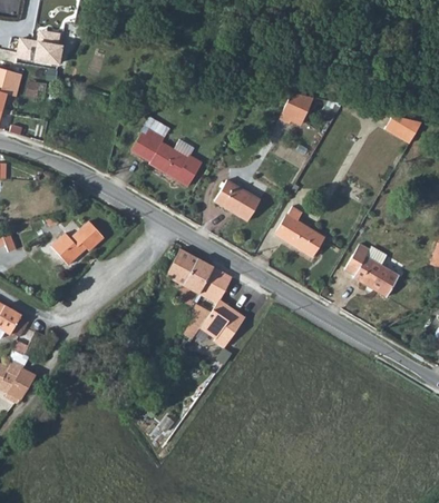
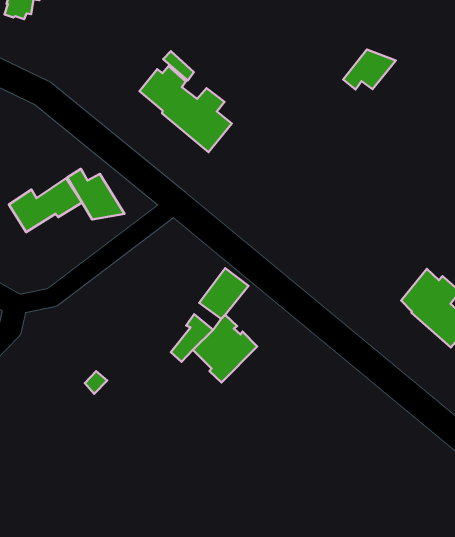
building: [214,180,261,221] -> none
building: [273,207,323,257] -> none
building: none -> [67,169,125,219]
building: [167,249,214,295] -> none

